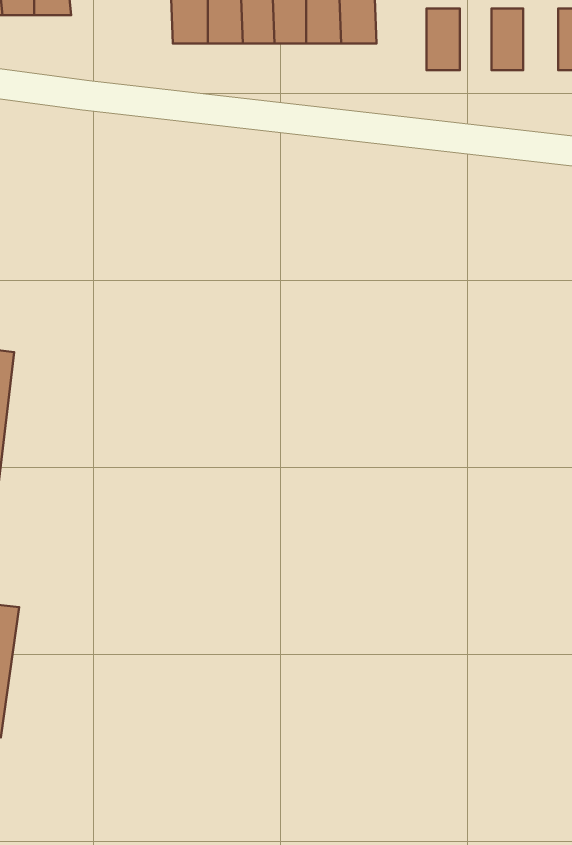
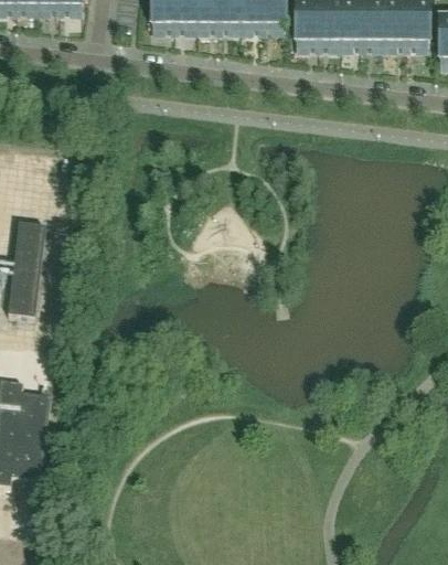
building: none -> [295,8,319,49]
building: none -> [341,8,362,49]
building: none -> [383,8,406,49]

